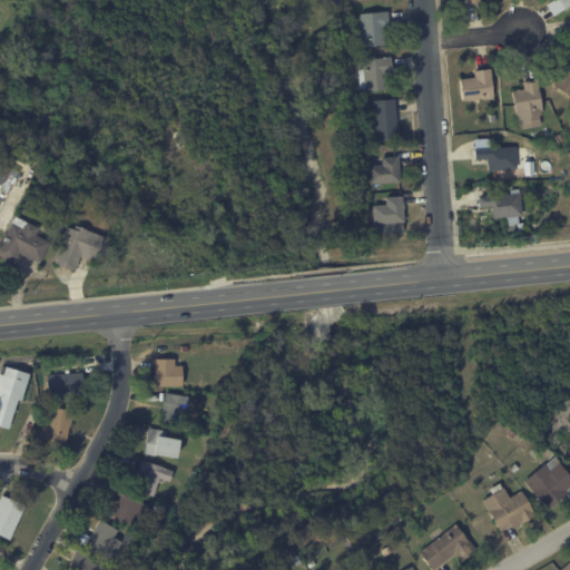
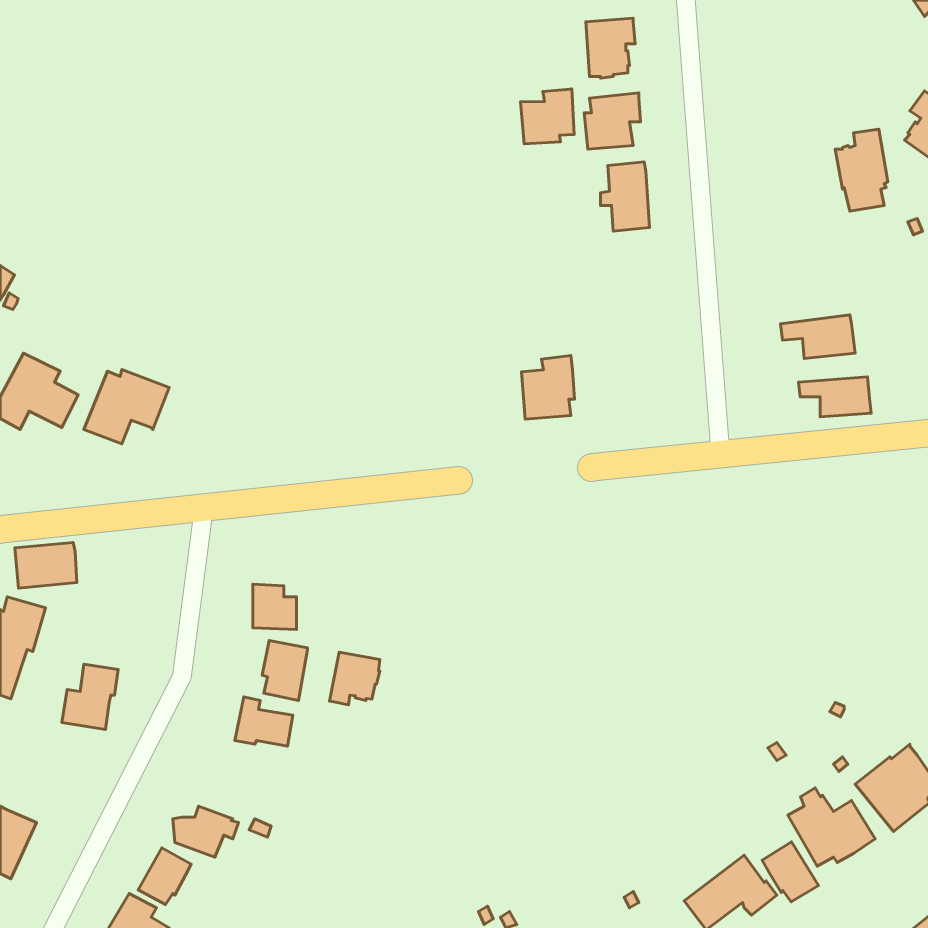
building: none -> [521,89,574,144]
building: [459,68,493,100] -> none
building: [474,148,519,173] -> [798,377,871,417]
building: [368,158,401,187] -> none
building: [373,197,405,236] -> [522,355,574,419]
building: [48,372,86,400] -> [15,543,77,588]
building: none -> [330,652,380,705]
building: [135,460,174,497] -> none
building: none -> [762,842,819,902]

